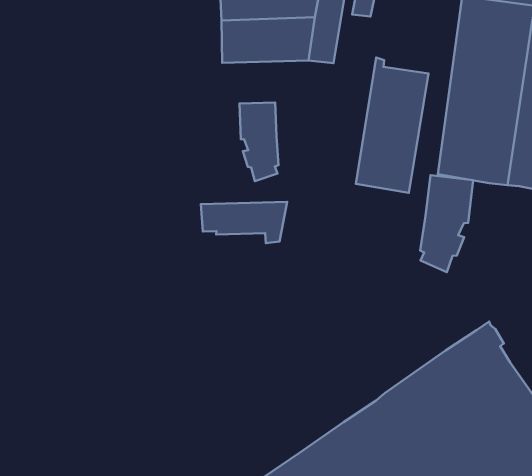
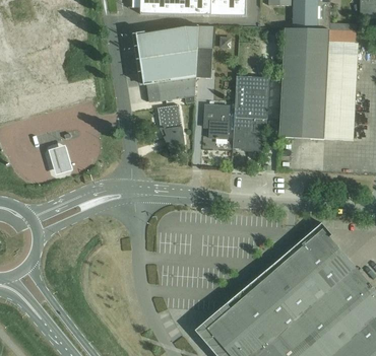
building: none -> [203,104,228,138]
building: none -> [49,146,72,175]
building: [420,175,473,272] -> none
building: [201,202,287,243] -> [143,77,195,103]

